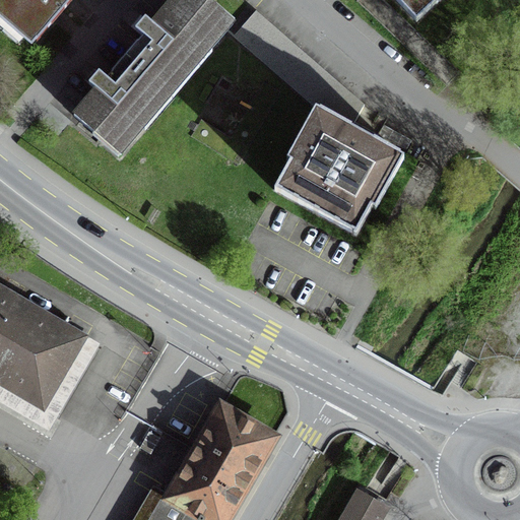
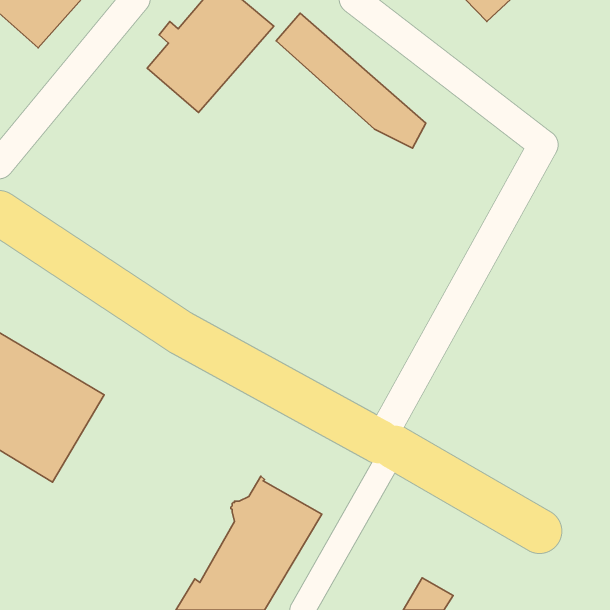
building: [75,58,169,153] -> none
building: [274,110,399,234] -> none

